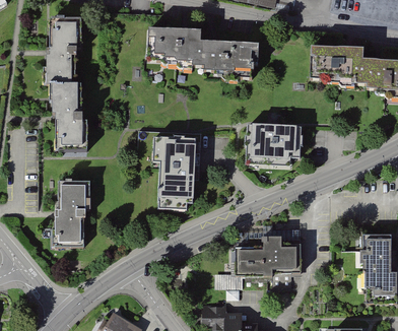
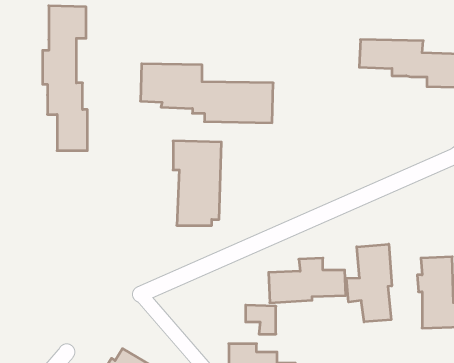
building: [148,27,260,77] -> [140,64,273,123]
building: [248,123,299,164] -> none
building: [55,180,88,243] -> none
building: none -> [347,244,392,322]

